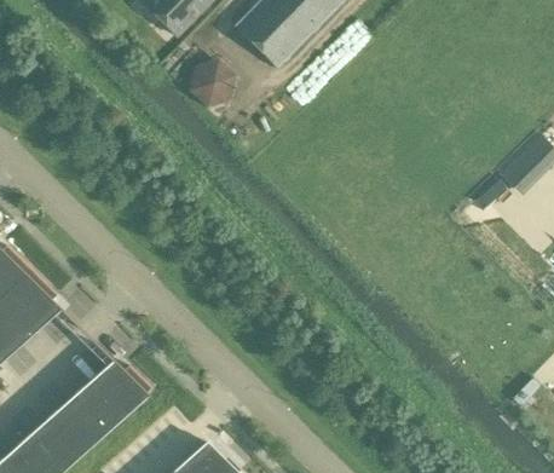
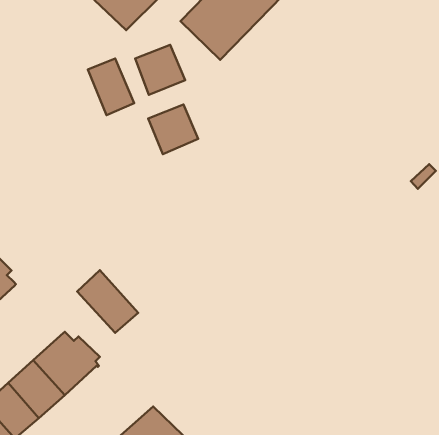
building: none -> [88,58,134,115]
building: none -> [148,105,198,154]
building: none -> [77,270,138,333]

